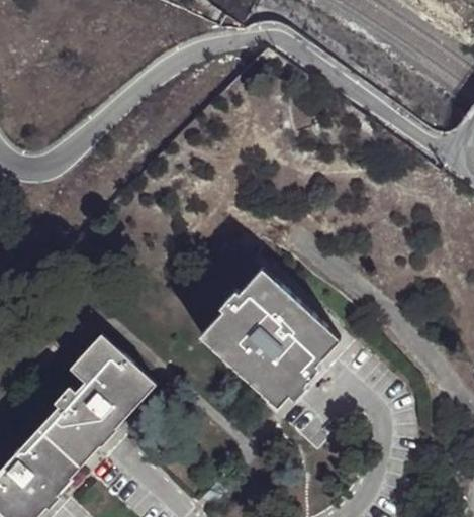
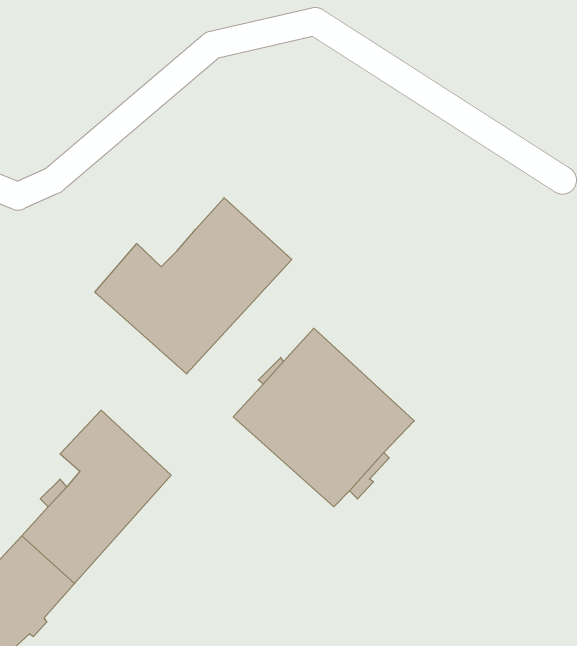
building: none -> [95,198,292,374]

